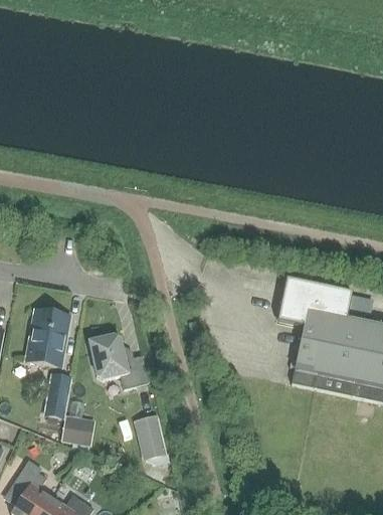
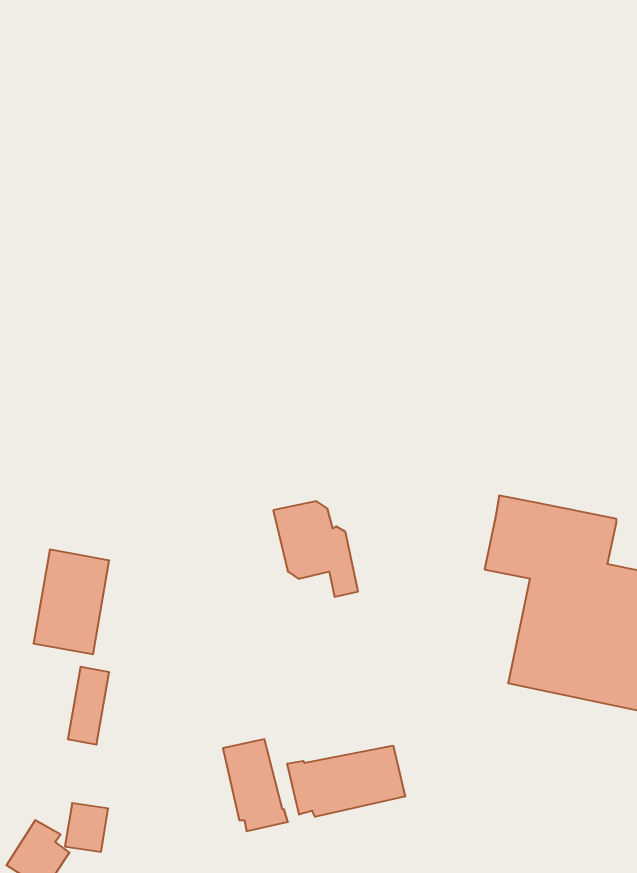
building: [89,335,137,388] -> [273,501,358,597]
building: [62,414,86,442] -> [65,803,108,852]
building: none -> [287,746,405,817]

